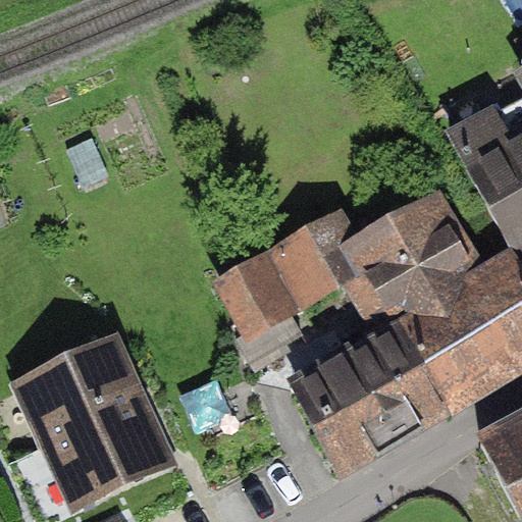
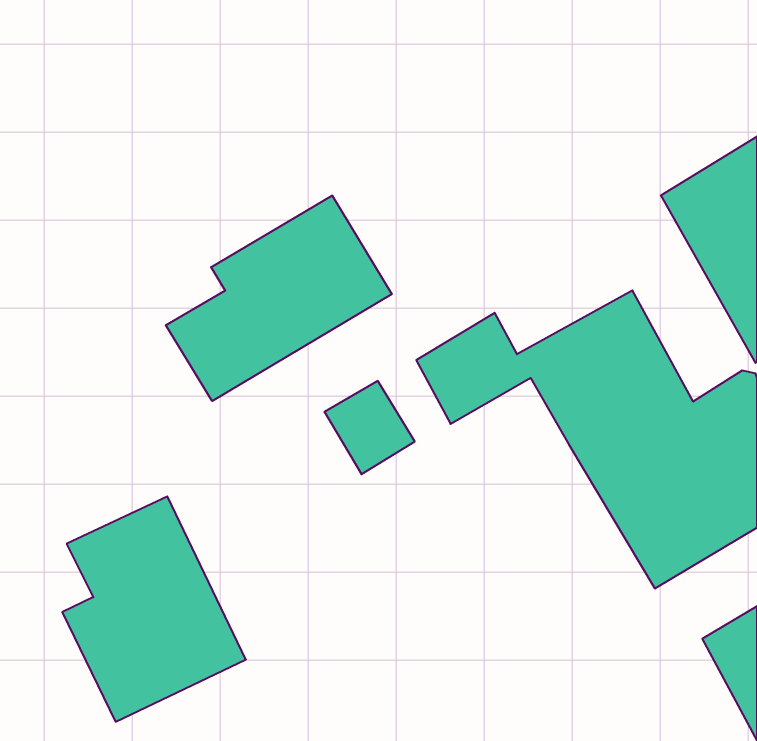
building: none -> [166,195,392,401]
building: [301,306,451,467] -> none

